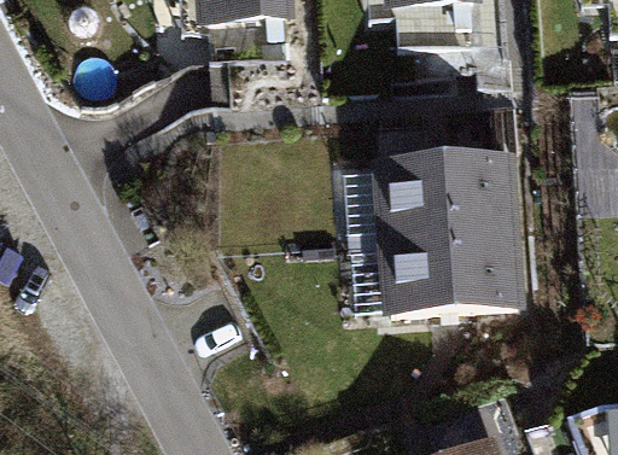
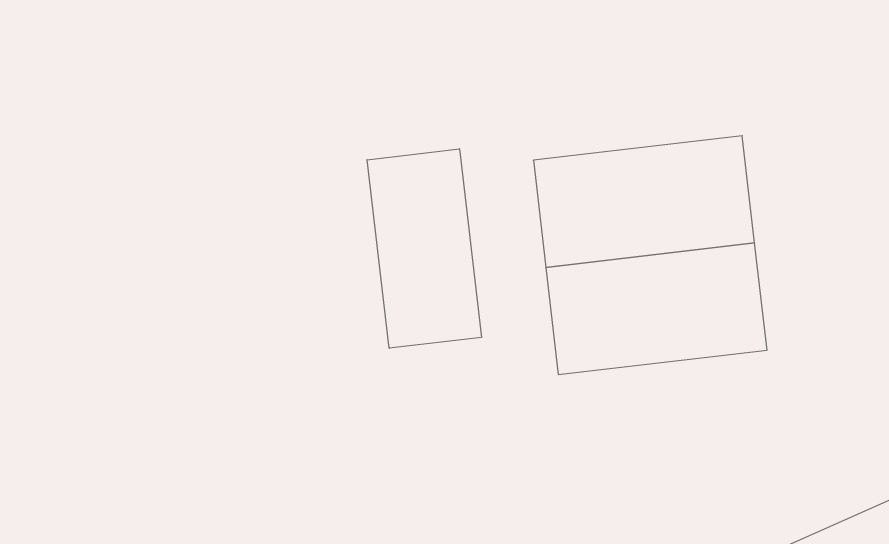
building: none -> [367,149,481,348]

